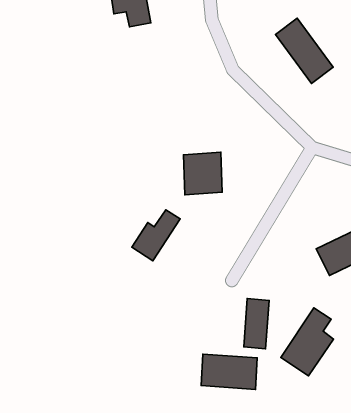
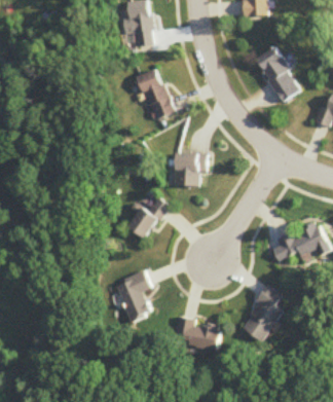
building: none -> [136,69,172,120]
building: none -> [115,270,151,323]
building: [244,298,269,349] -> none

